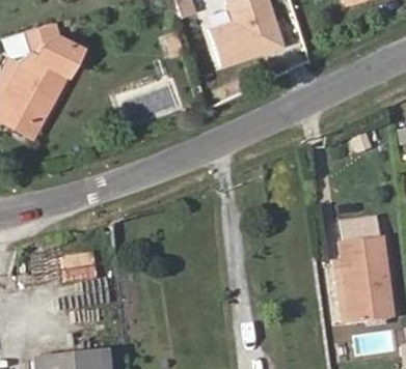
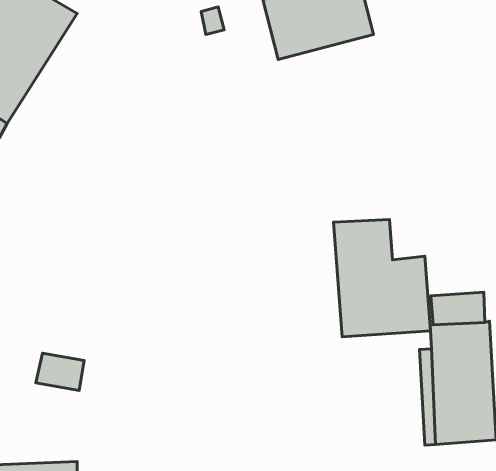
building: none -> [334,219,431,337]

